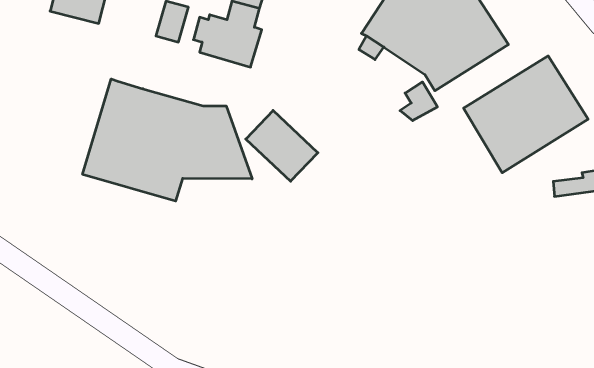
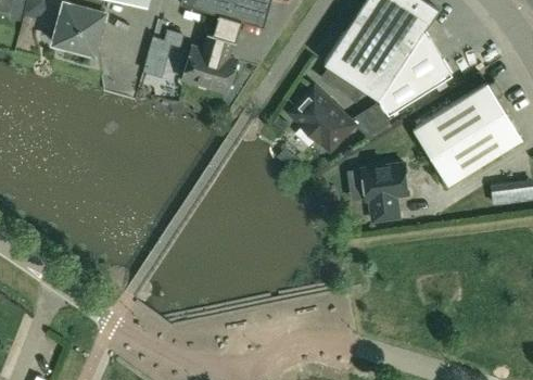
building: [83,79,252,201] -> none
building: [246,110,318,181] -> [290,90,353,152]
building: none -> [360,165,408,223]

